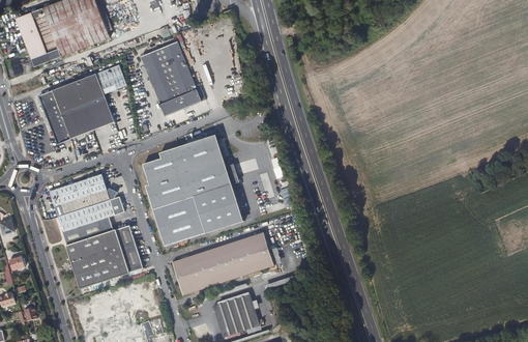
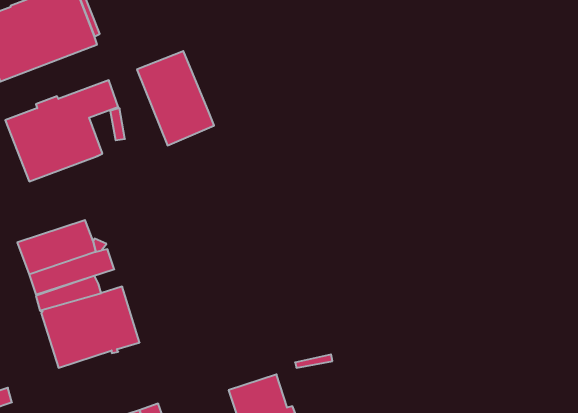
building: [143,135,242,245] -> none
building: [172,231,274,294] -> none

